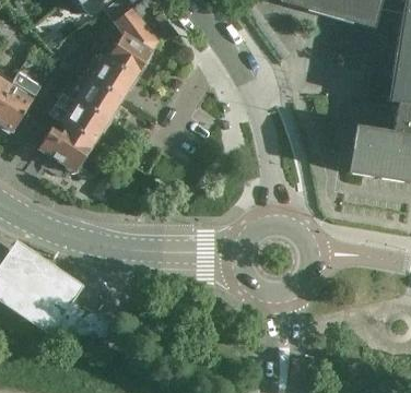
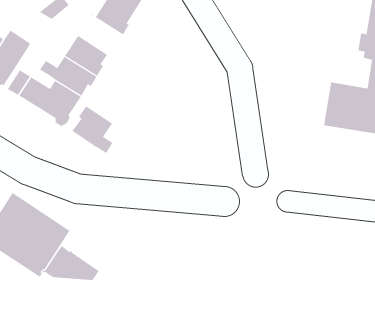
building: [87,55,136,97] -> none
building: none -> [72,105,113,154]

